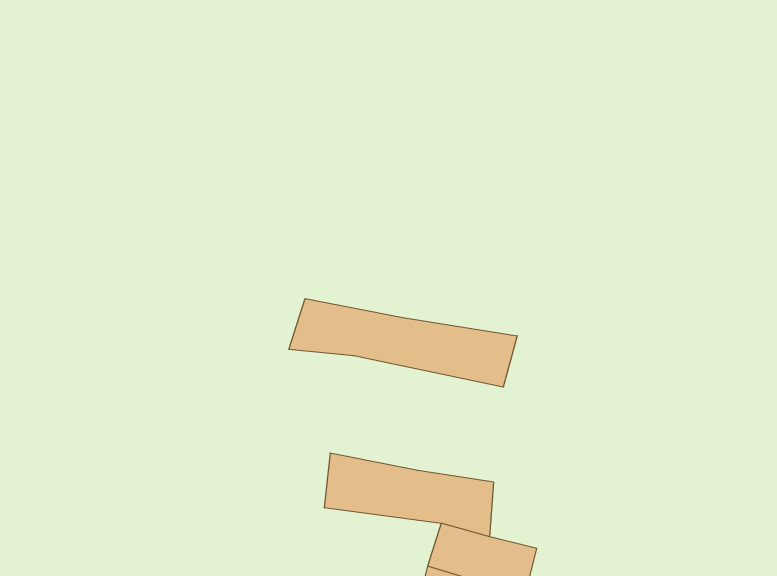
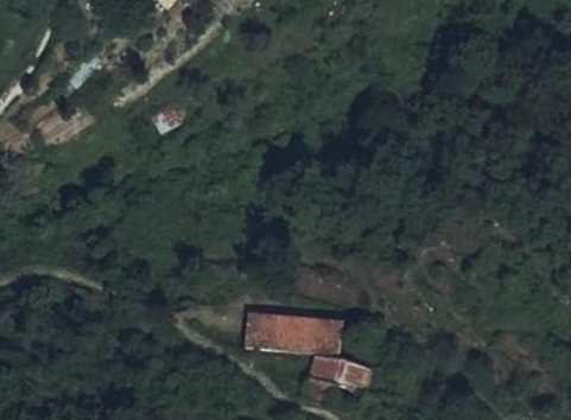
building: [289,299,517,387] -> none

